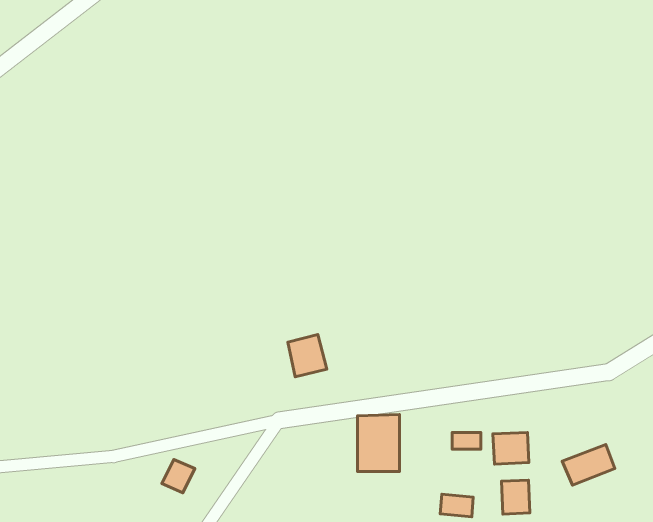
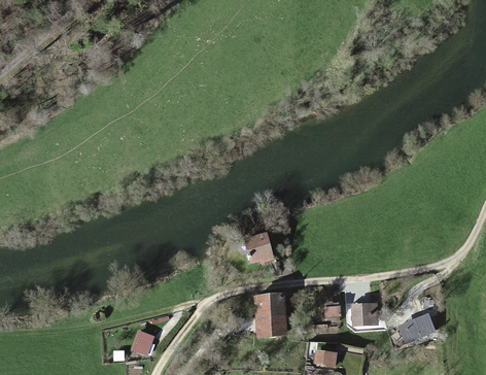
building: [288,335,327,377] -> [247,233,274,262]
building: [502,480,530,514] -> none

